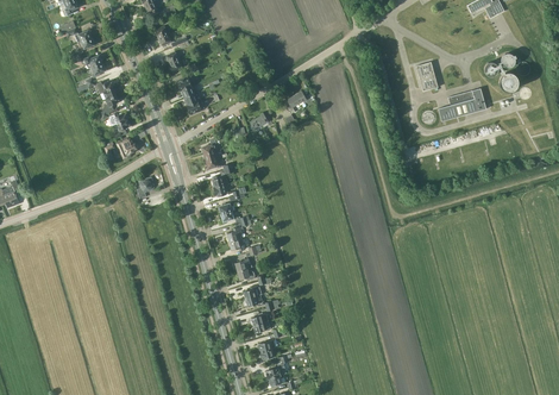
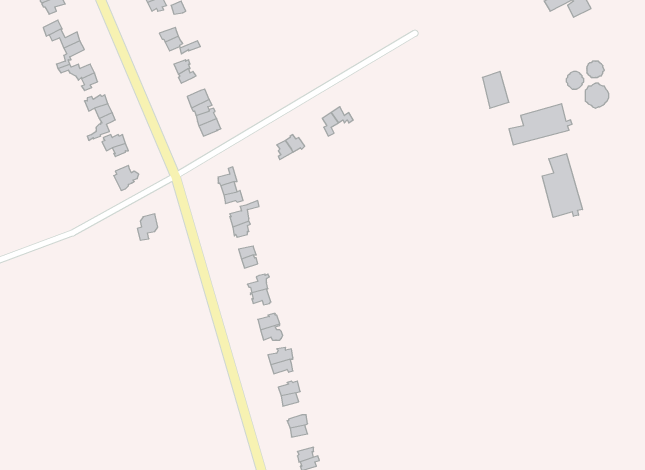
building: none -> [542,154,582,217]

